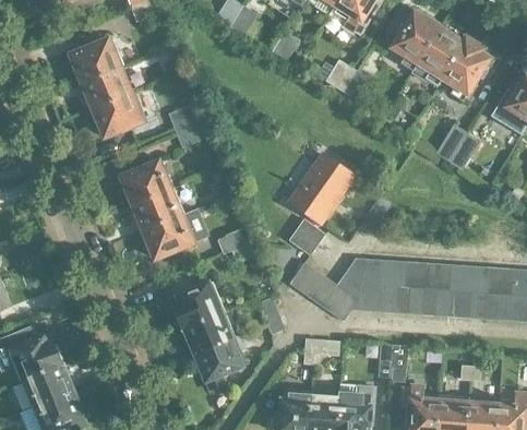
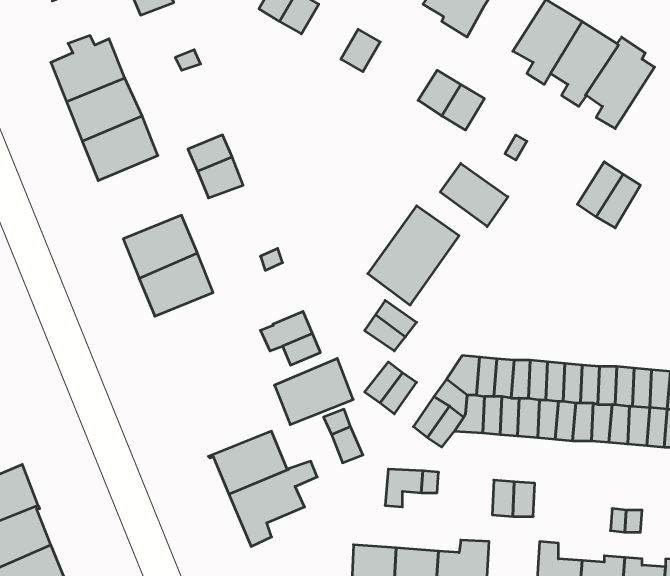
building: none -> [440,163,508,227]
building: [143,214,195,258] -> none
building: [169,282,224,327] -> [274,358,353,425]

